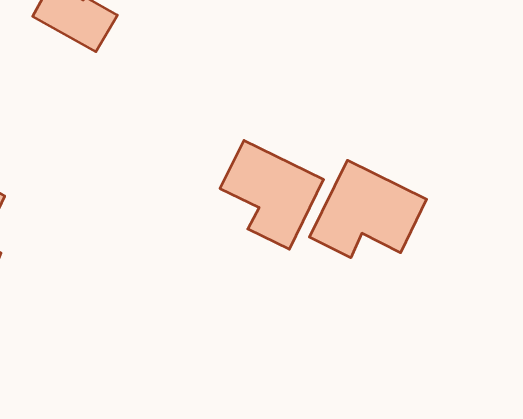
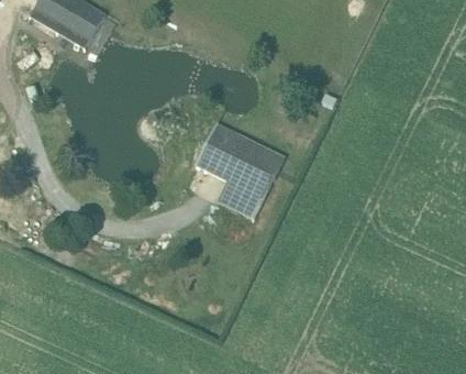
building: [309,160,427,258] -> none

